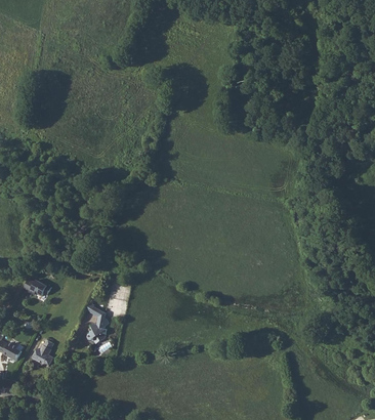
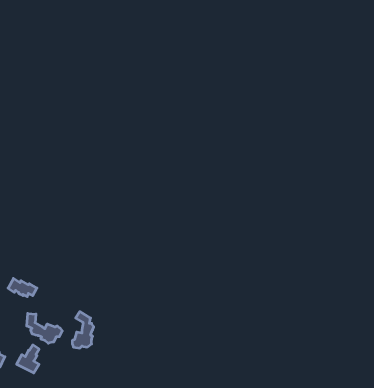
building: none -> [27,313,62,343]

